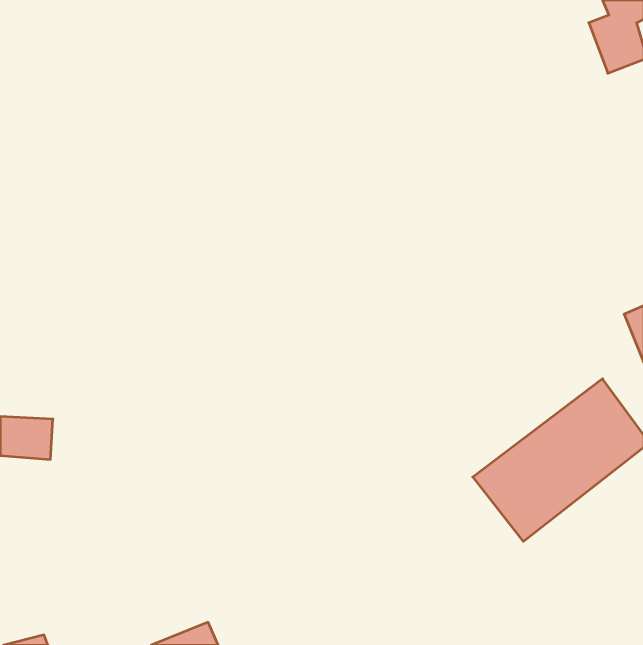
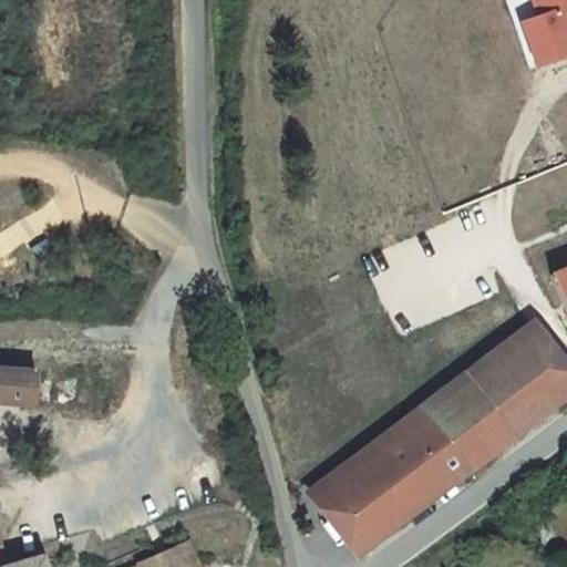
building: none -> [316,419,461,553]

